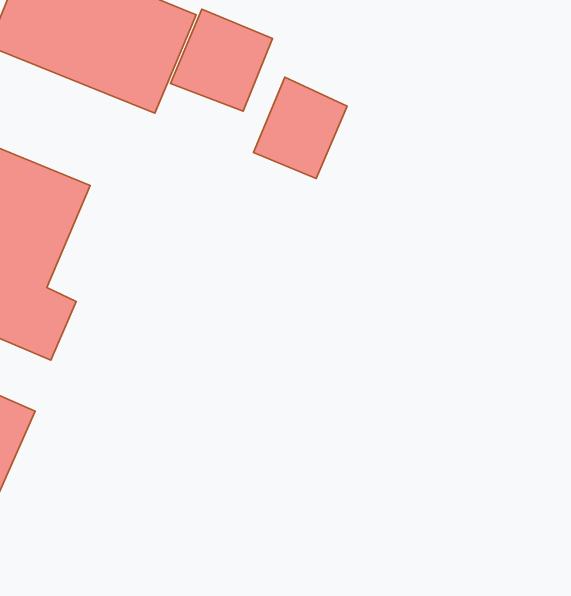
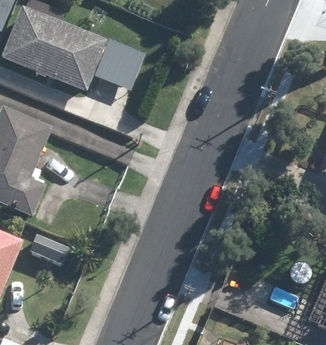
building: [254,77,347,179] -> none

